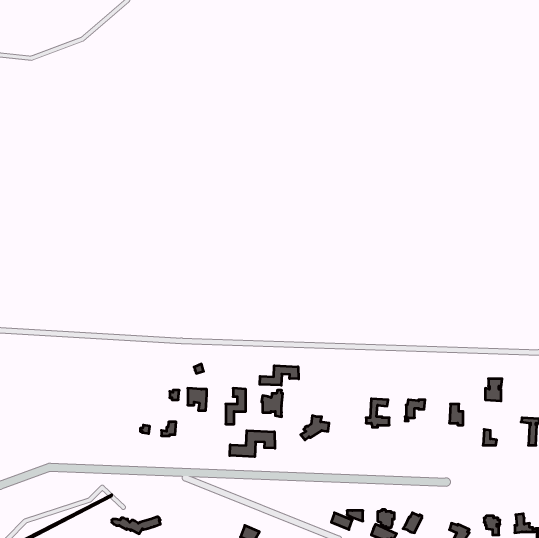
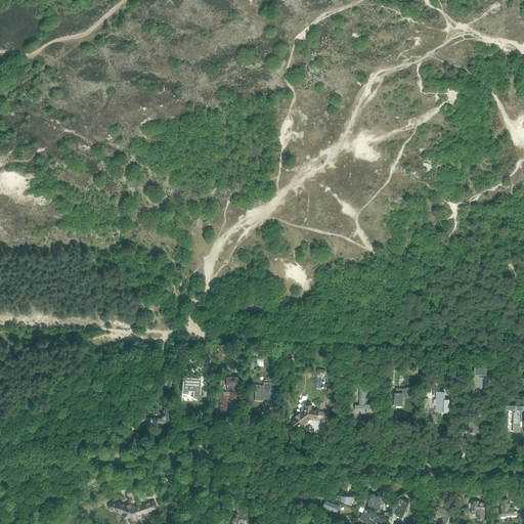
building: [260,366,299,385] -> none
building: [230,431,275,457] -> none

